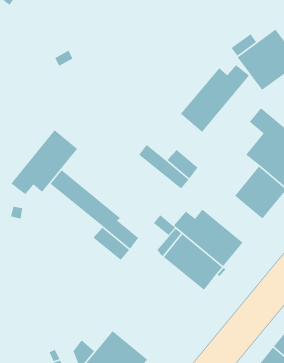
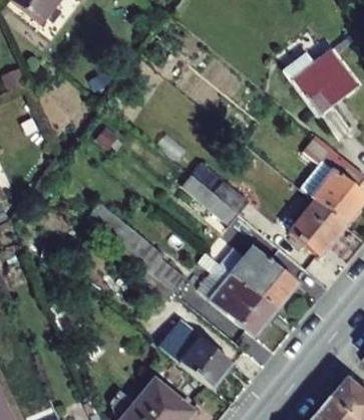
building: [180,64,250,133] -> none
building: [11,129,78,195] -> none
building: none -> [159,320,232,389]

